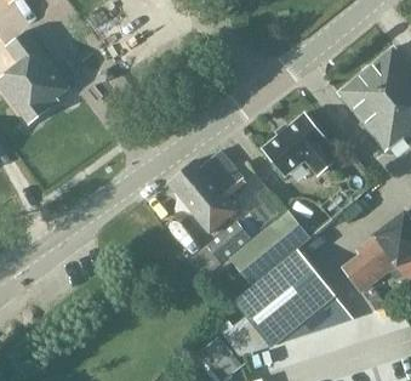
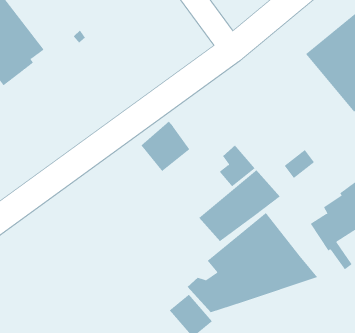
building: [261,112,339,178] -> none
building: [190,152,242,234] -> none
building: [206,221,251,263] -> none

